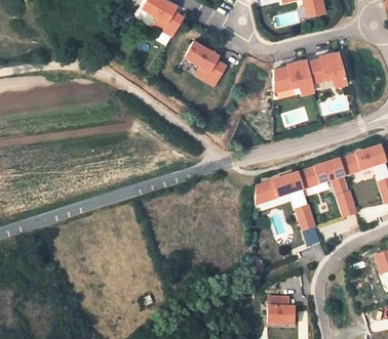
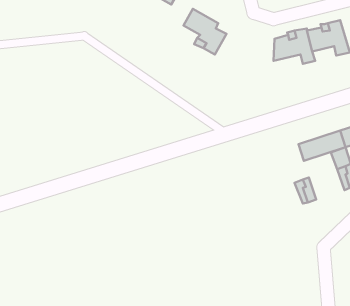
building: [256,173,303,206] -> none
building: [268,297,295,325] -> none

